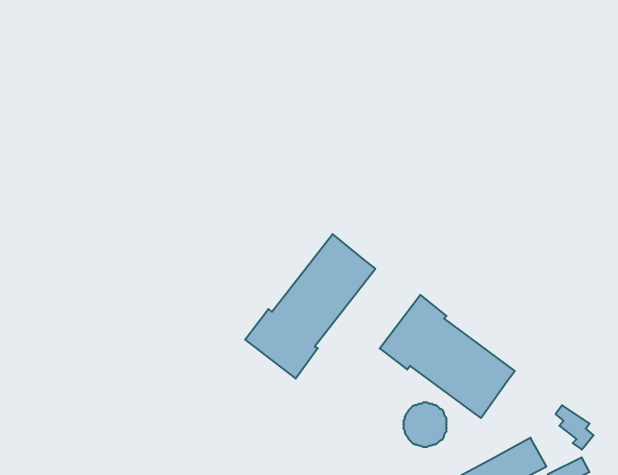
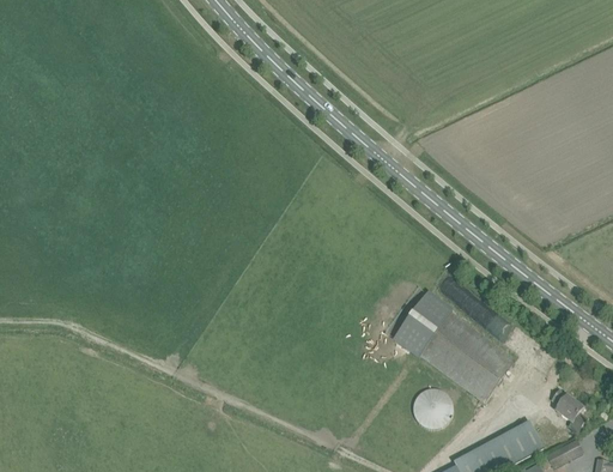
building: [245,234,375,379] -> none

